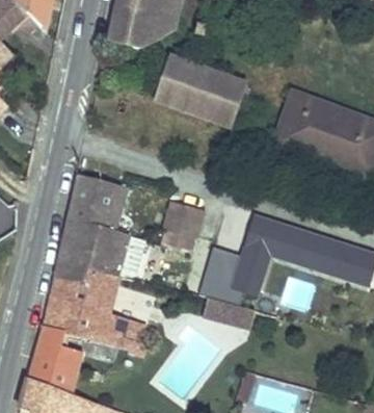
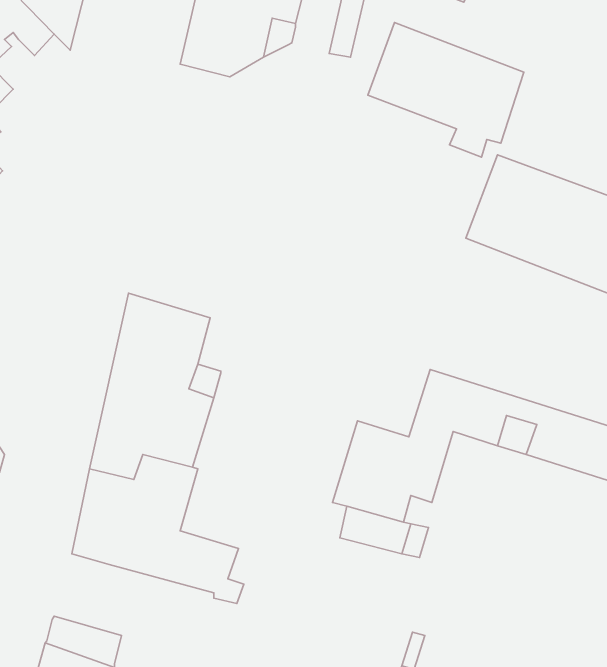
building: [155,55,246,134] -> [368,22,524,157]
building: [163,201,205,250] -> none
building: [34,326,81,373] -> none

